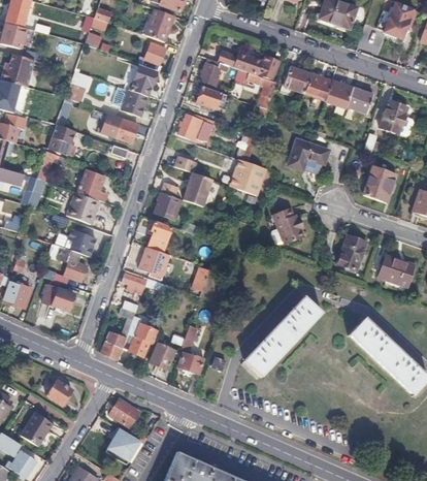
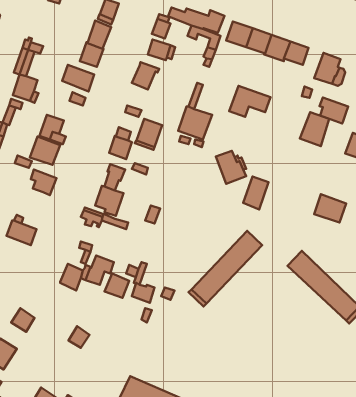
building: none -> [320,97,348,123]
building: [336,235,364,271] -> [243,176,269,209]
building: [58,246,86,280] -> none
building: [105,428,140,466] -> none

